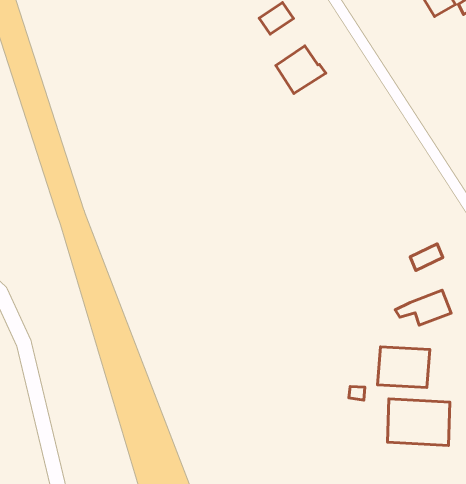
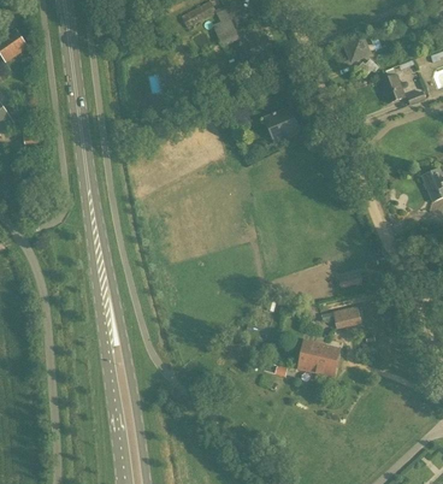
building: [388,399,450,446] -> none

